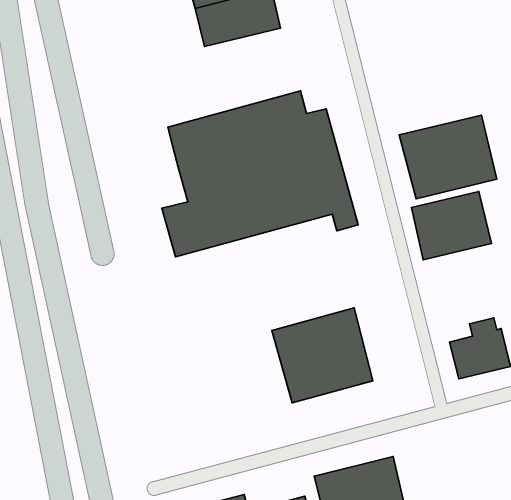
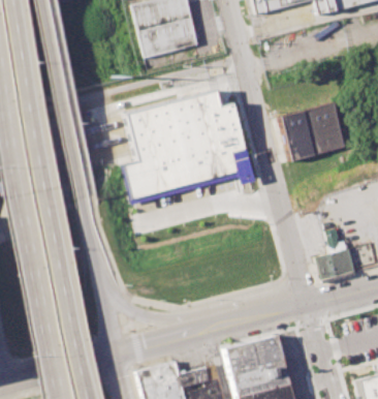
building: [412,191,491,260] -> none
building: [272,308,373,403] -> none

